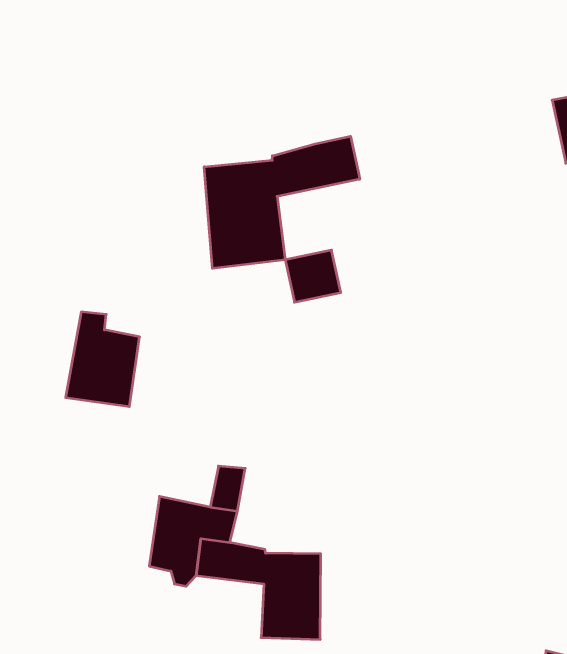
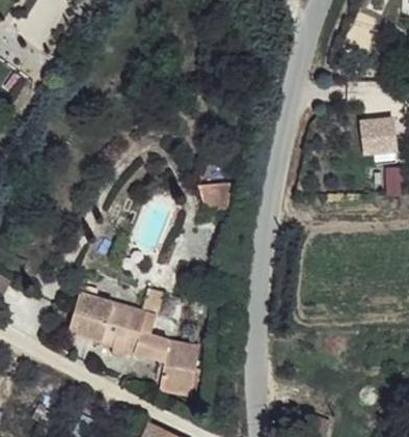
building: [204,136,360,268] -> none
building: [66,312,140,407] -> [71,289,115,344]

